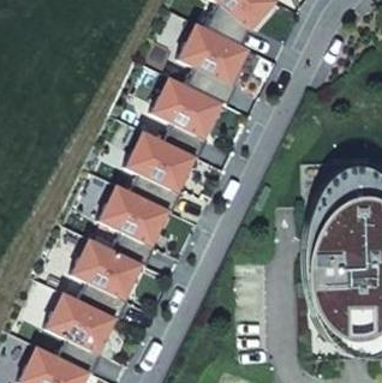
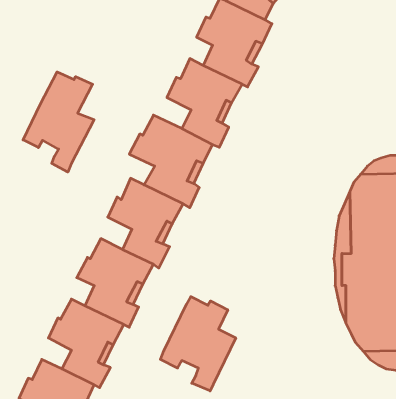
building: none -> [23,72,94,172]
building: none -> [160,297,236,391]

